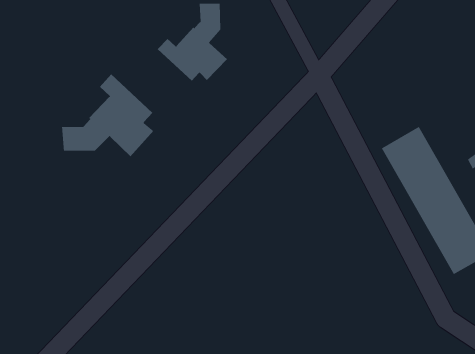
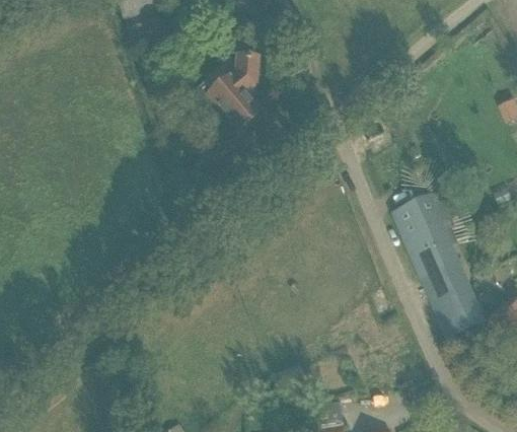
building: [62,74,154,157] -> none

